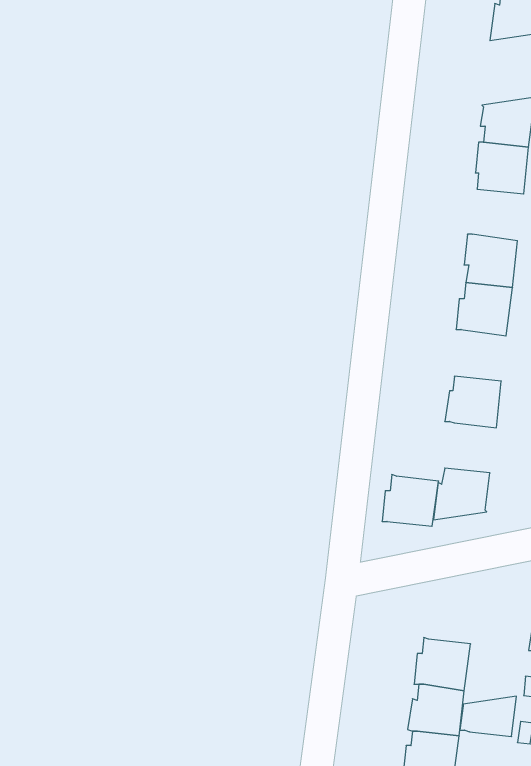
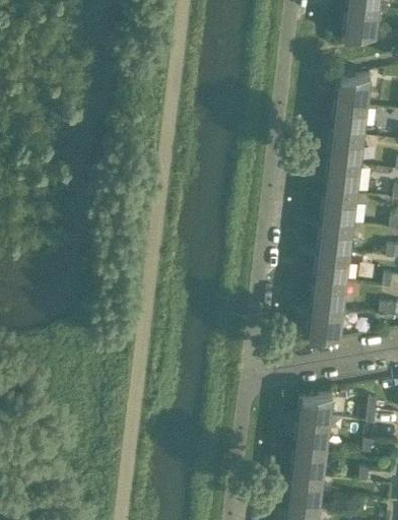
building: none -> [329,131,363,165]
building: none -> [318,220,352,253]
building: [382,475,439,526] -> [311,278,346,311]
building: [460,696,516,737] -> [297,393,333,418]

